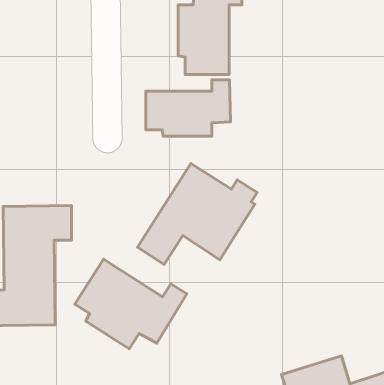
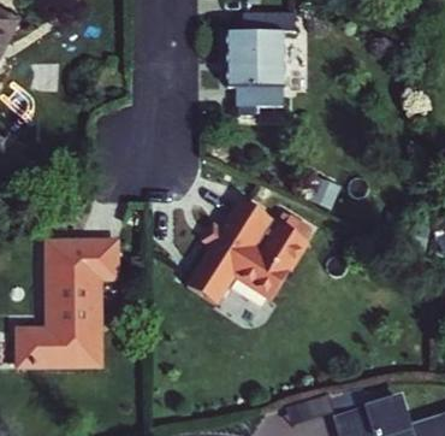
building: [146,80,230,136] -> none
building: [75,259,187,349] -> none

